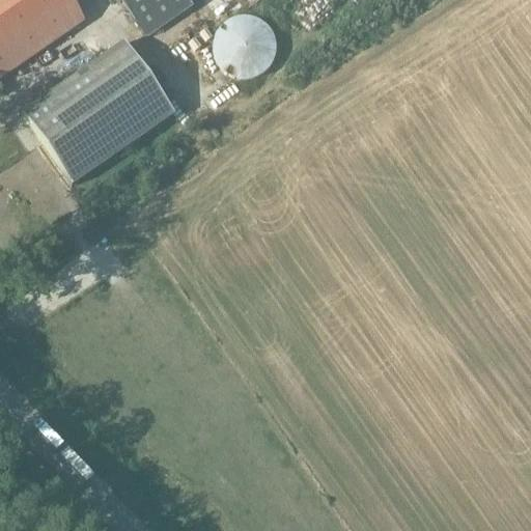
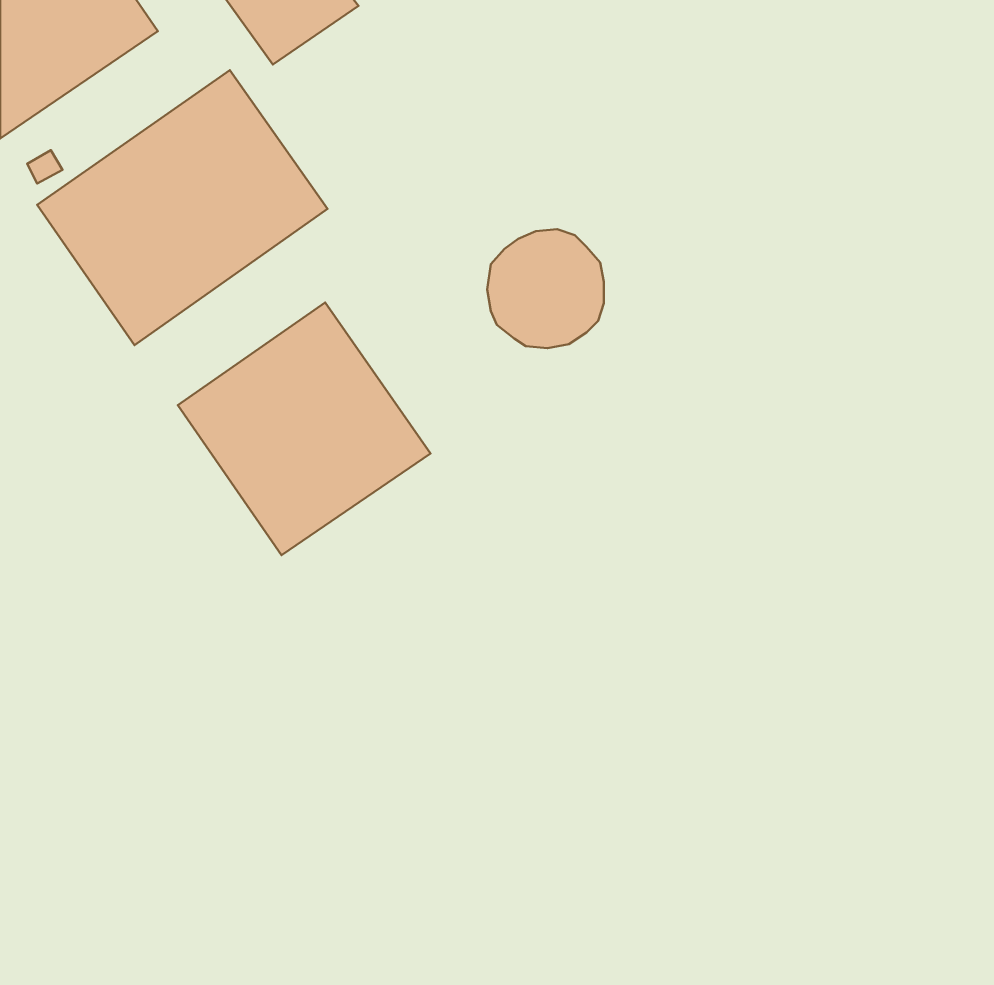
building: [214,12,276,76] -> [487,229,604,348]
building: none -> [178,302,431,555]

